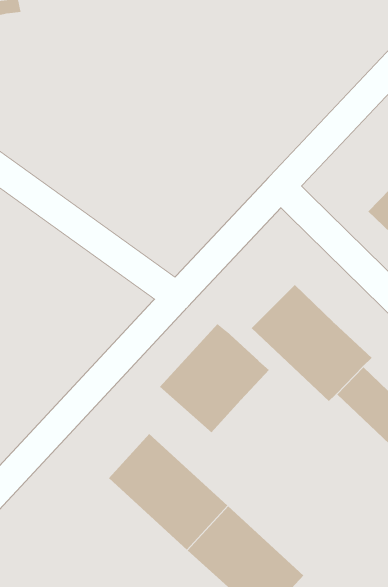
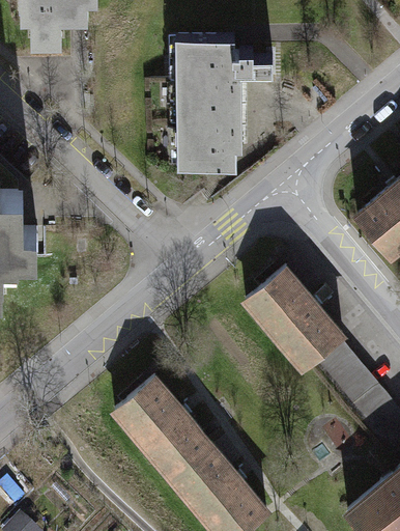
building: none -> [170,38,274,170]
building: [159,323,270,433] -> none

